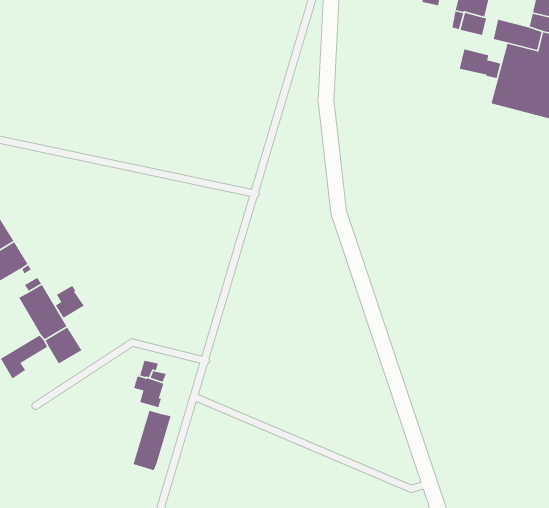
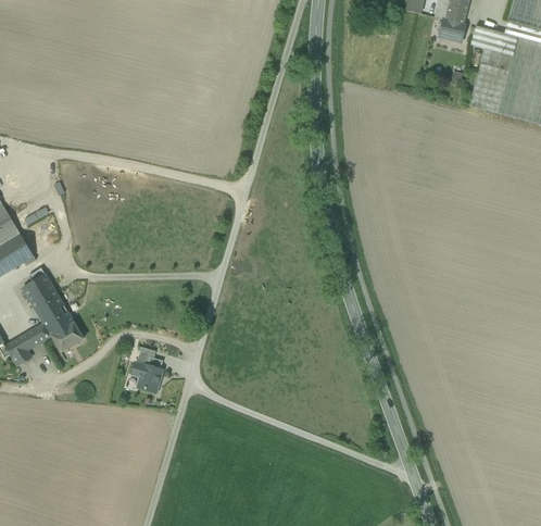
building: [459,49,501,79] -> none
building: [55,285,85,319] -> none
building: [133,410,171,471] -> none

